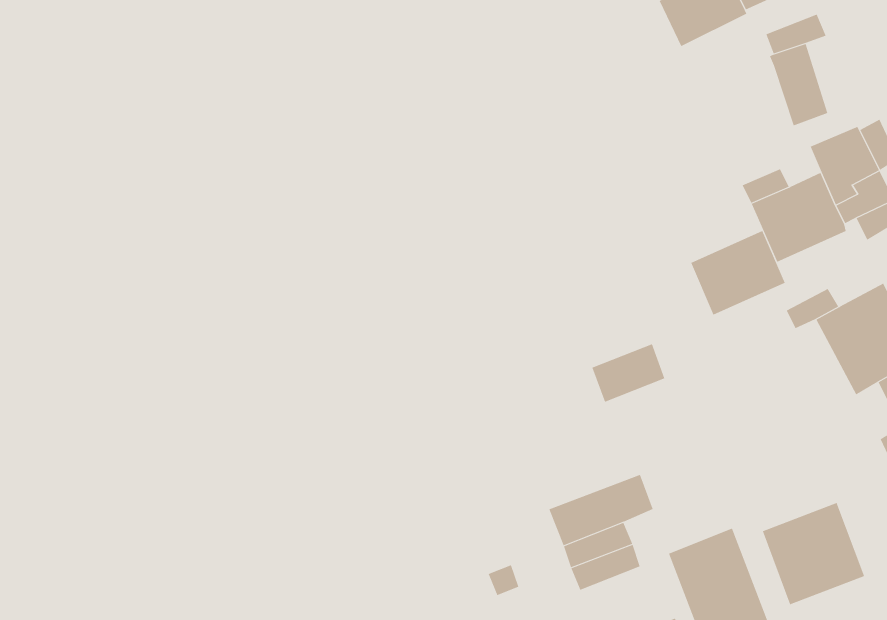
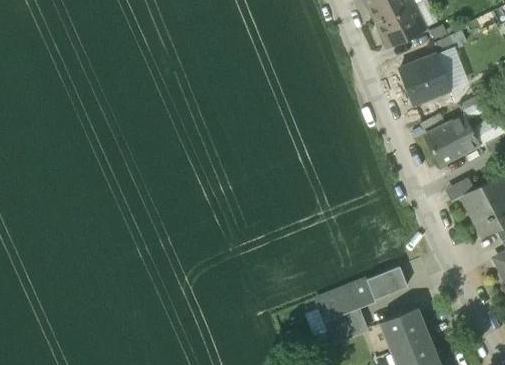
building: none -> [400,58,449,103]
building: [690,230,785,315] -> none
building: [592,343,665,402] -> [366,267,406,299]
building: [762,502,865,605] -> none

